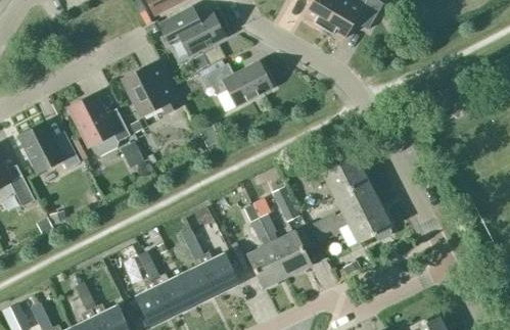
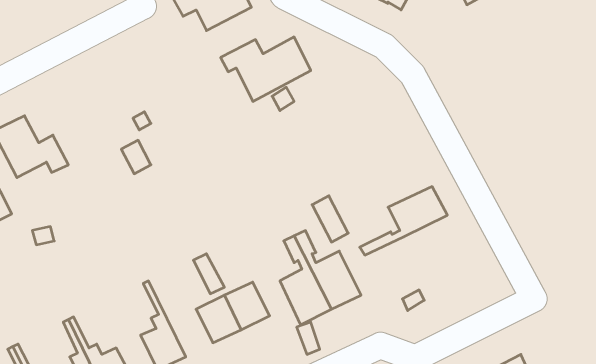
building: [124,61,179,114] -> none
building: [69,93,130,156] -> none
building: [305,155,368,195] -> none
building: [315,201,392,242] -> none
building: [143,251,194,314] -> none

